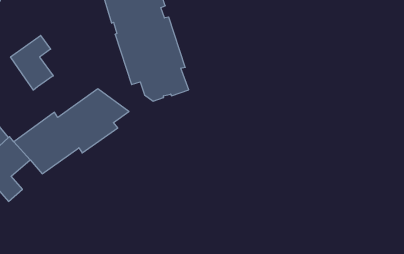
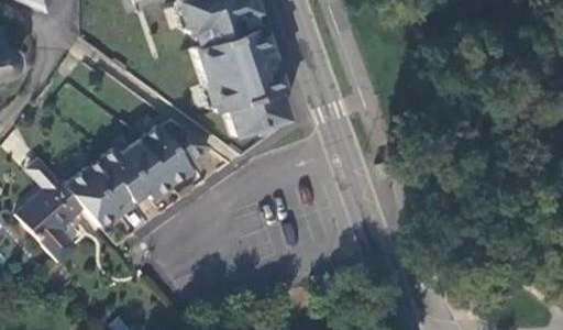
building: [11,35,53,90] -> none

